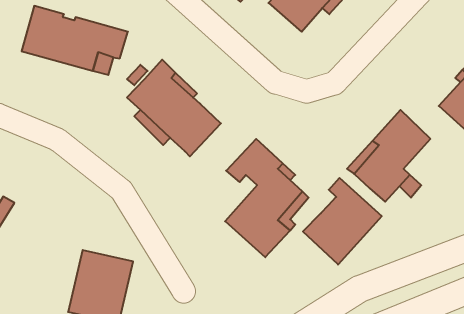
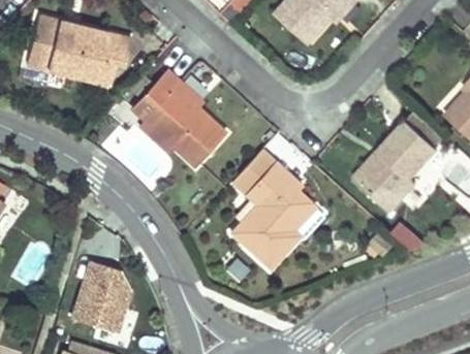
building: [303,178,382,265] -> none

